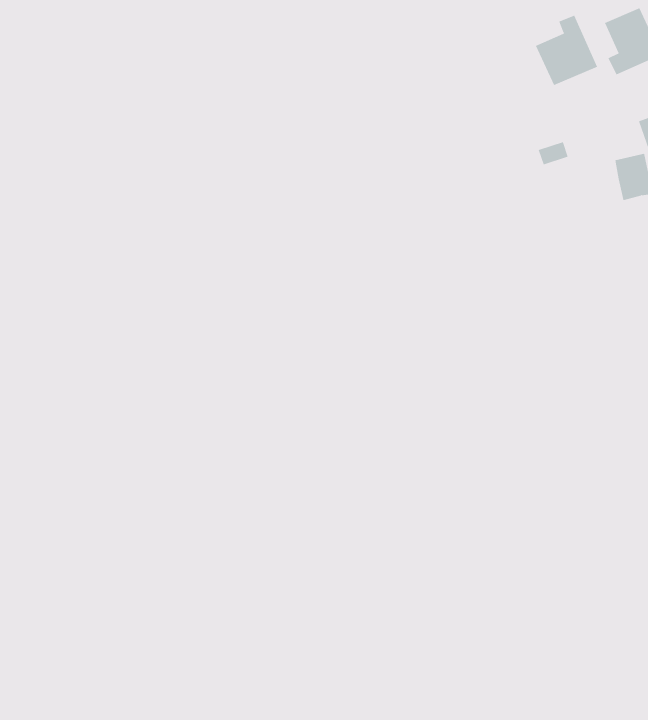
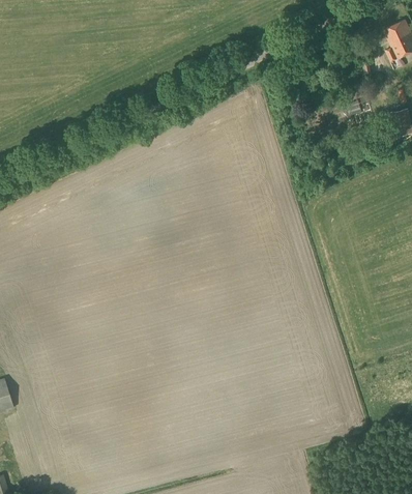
building: [535,15,598,86] -> none

